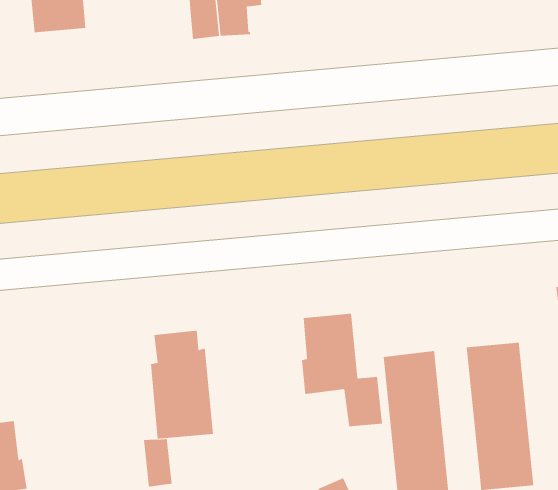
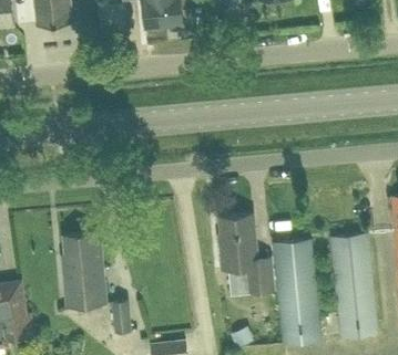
building: [150,330,214,439] -> [62,233,105,307]

